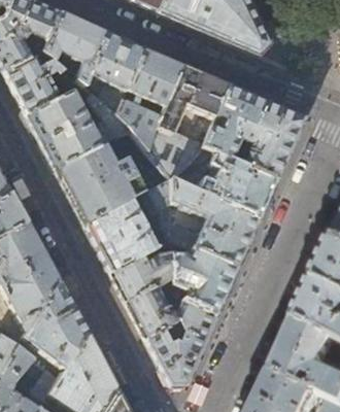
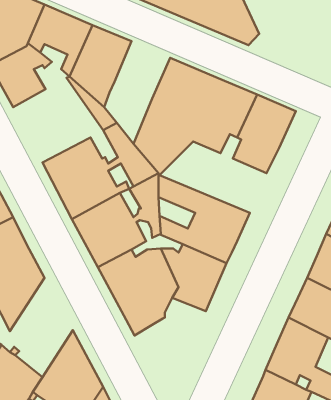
building: [127,46,181,103] -> none
building: [27,87,101,166] -> none
building: [116,97,160,147] -> none
building: [171,145,276,215] -> none
building: [21,279,86,368] -> none
building: [146,299,216,381] -> none

